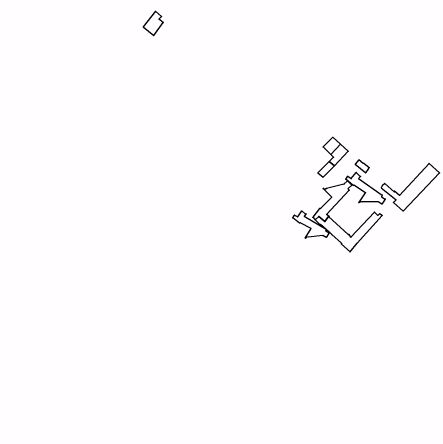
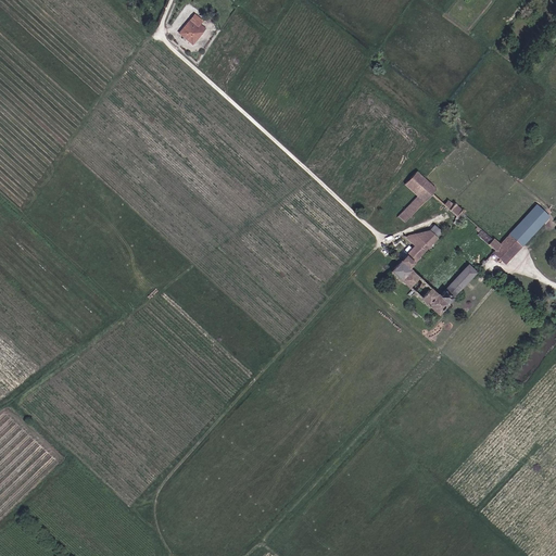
building: [346,172,385,204] -> none
building: [293,211,329,238] -> none

